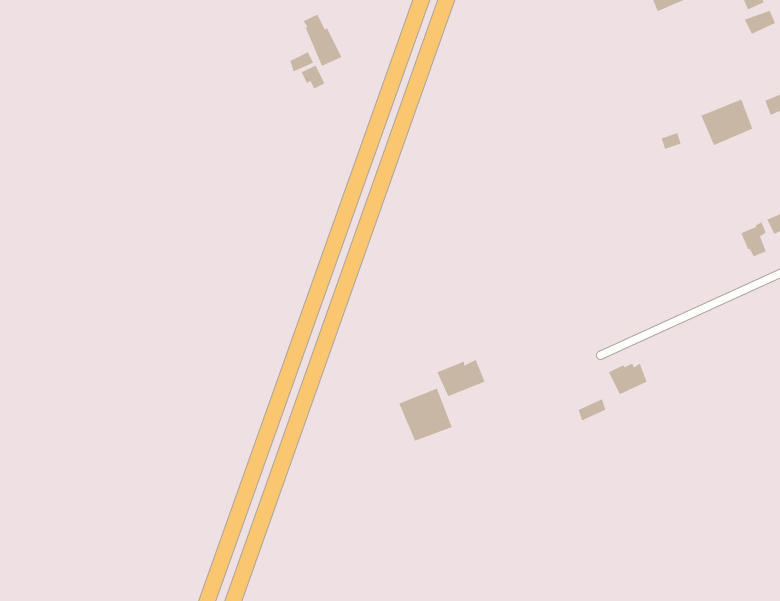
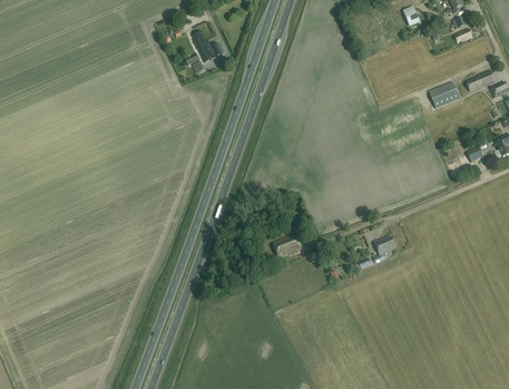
building: [399,388,452,442] -> none

